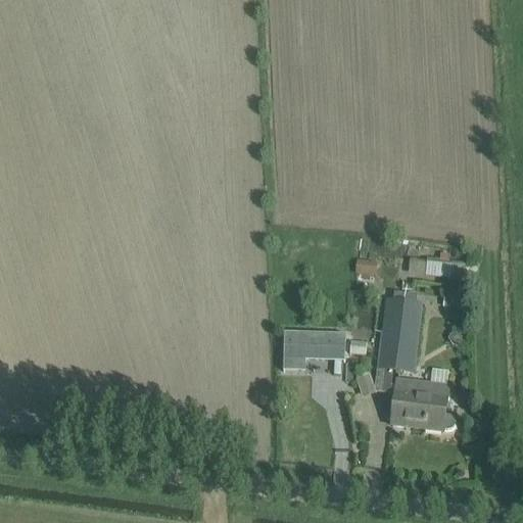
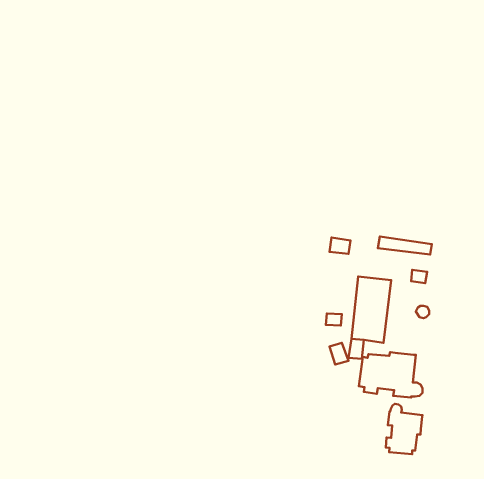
building: [283,330,345,370] -> none
building: none -> [386,404,423,454]

